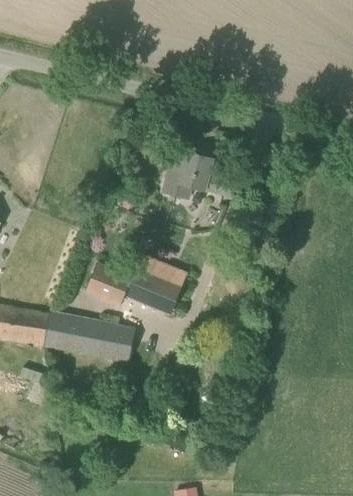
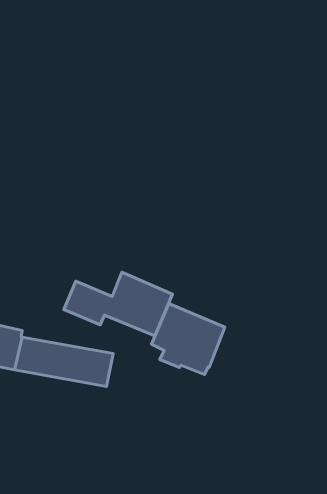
building: [162,153,231,197] -> none
building: none -> [151,304,225,374]

